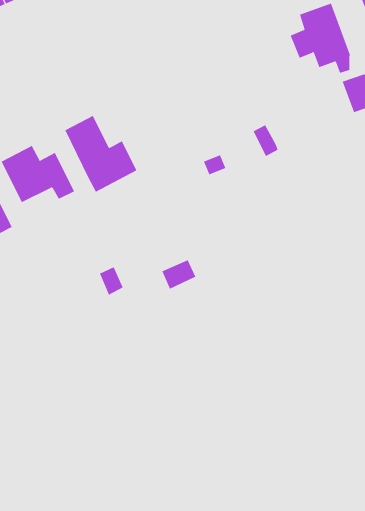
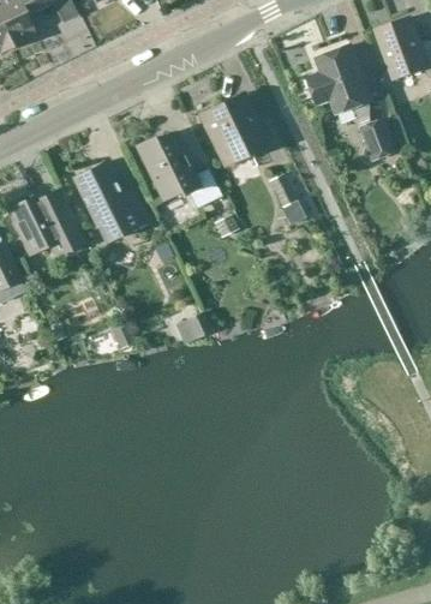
building: none -> [199,94,268,165]
building: none -> [136,132,220,209]

